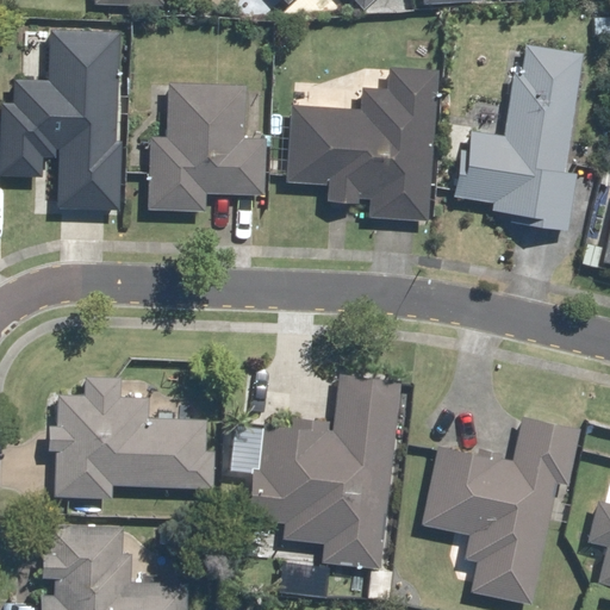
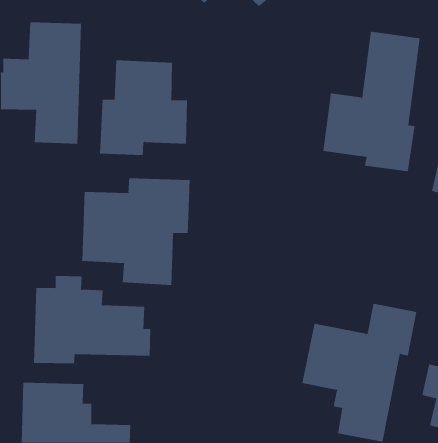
building: [285,66,438,222] -> none
building: none -> [82,178,190,286]
building: [244,374,402,571] -> none

